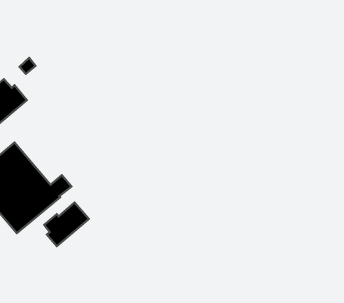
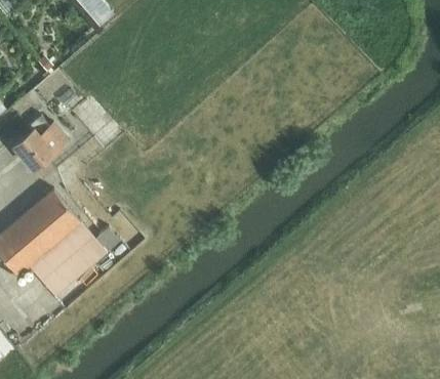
building: [44,203,89,246] -> none

